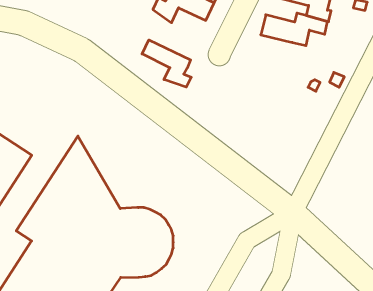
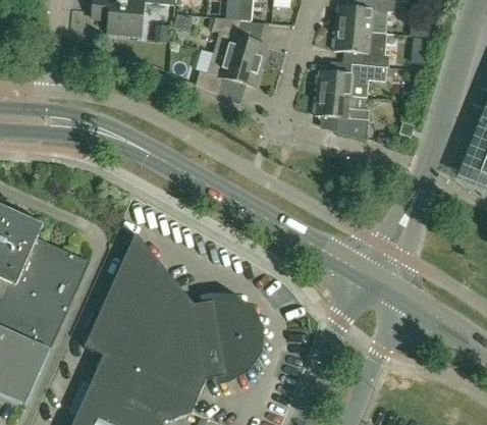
building: none -> [315,92,369,139]
building: [142,40,191,87] -> none

